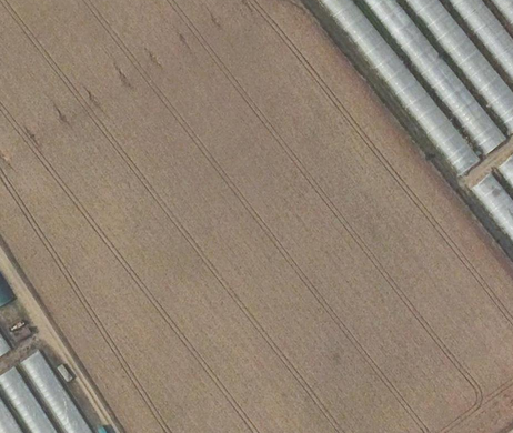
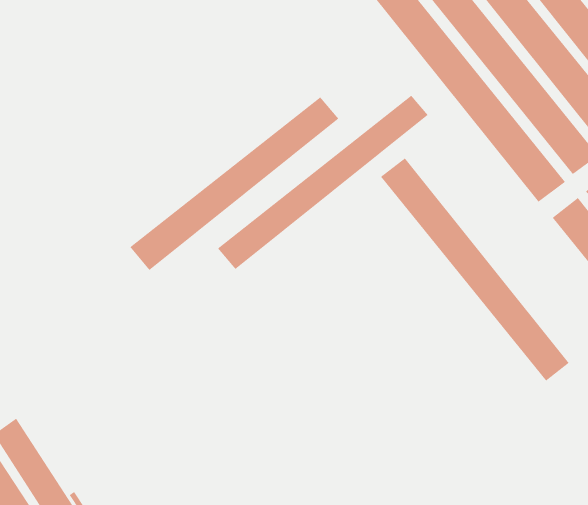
building: none -> [217,95,429,270]
building: none -> [129,96,339,271]
building: none -> [380,158,569,381]

